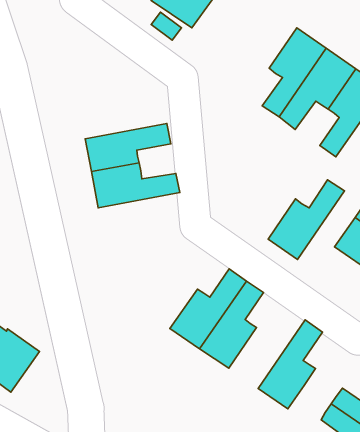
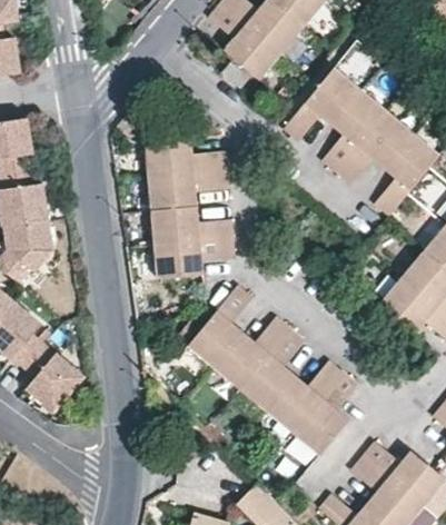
building: none -> [281,66,360,142]
building: none -> [145,138,227,177]
building: [268,180,345,260] -> [266,358,344,433]
building: none -> [153,237,235,278]
building: none -> [186,284,252,367]

